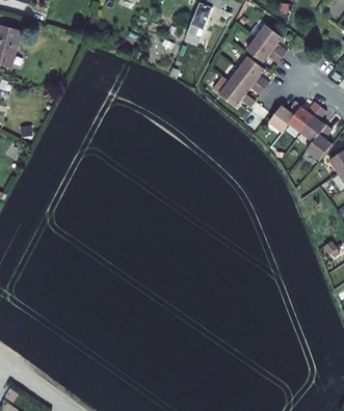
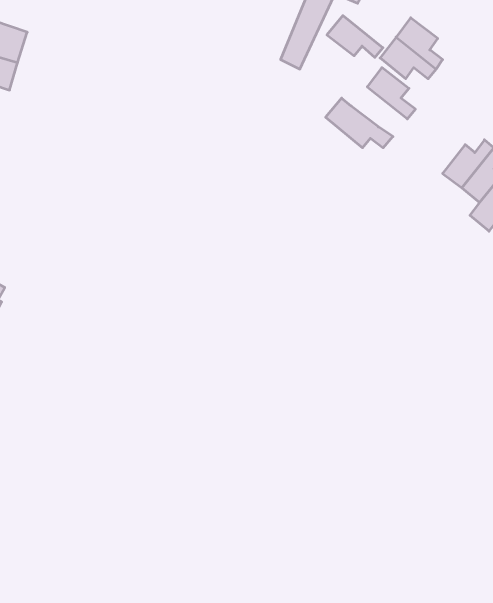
building: [230,63,266,90] -> [327,16,383,57]
building: [269,95,303,128] -> none

